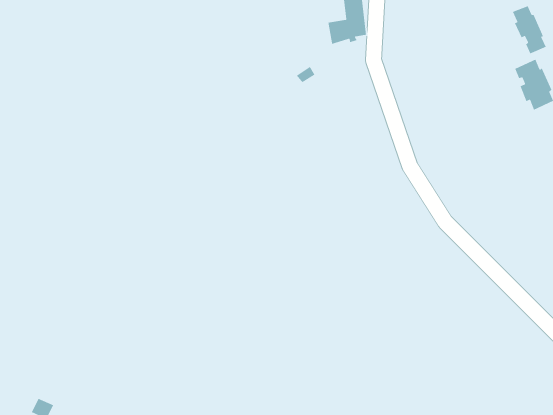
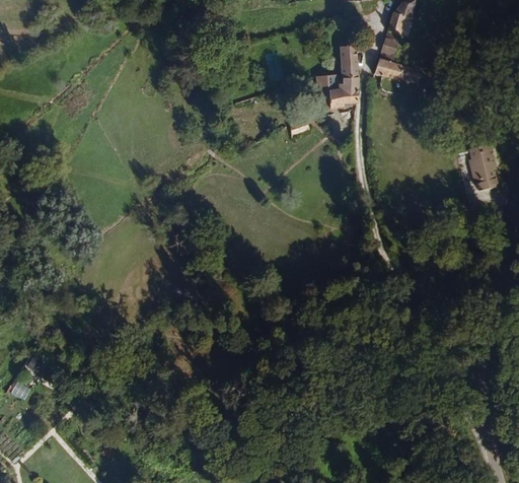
building: [512,5,547,54] -> none

